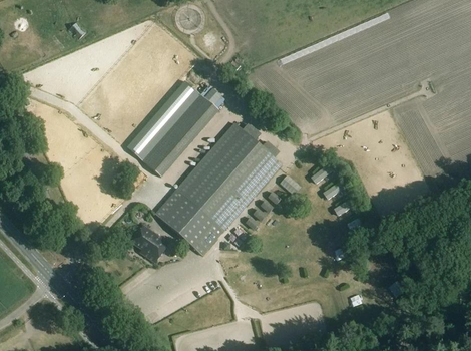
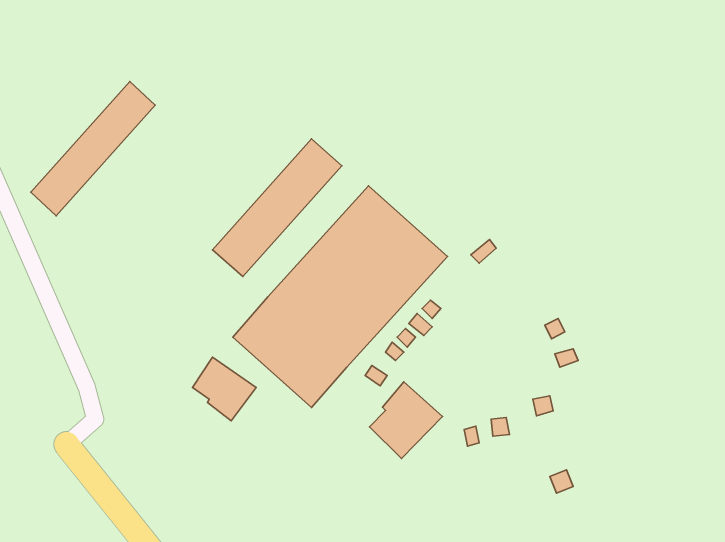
building: [127,80,201,160] -> [31,82,155,216]
building: none -> [370,382,443,459]

